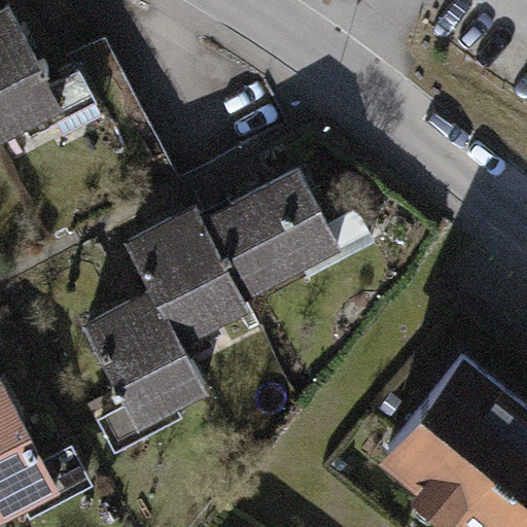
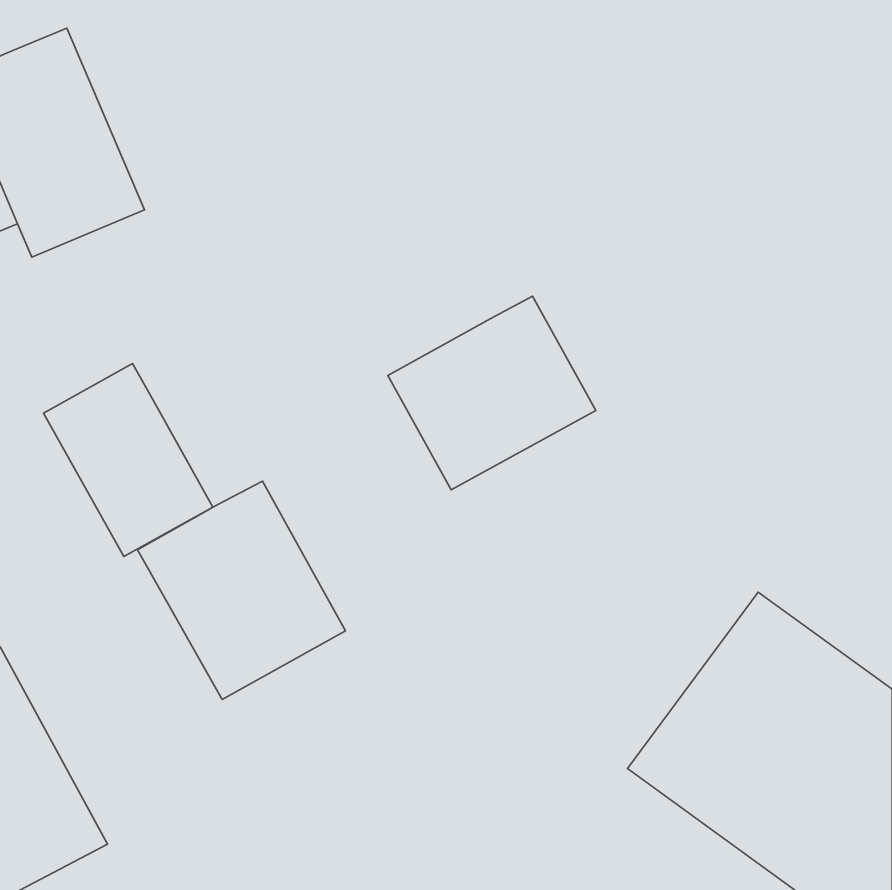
building: [130,200,267,345] -> none
building: none -> [43,364,213,557]

